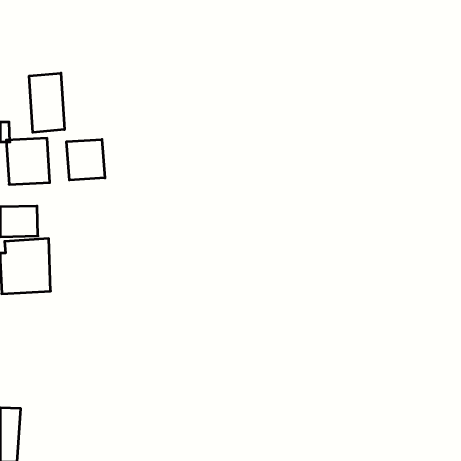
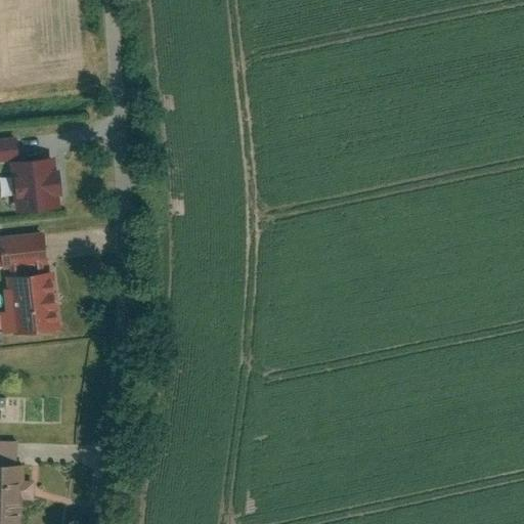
building: [29,73,64,132] -> none
building: [67,139,105,180] -> none

